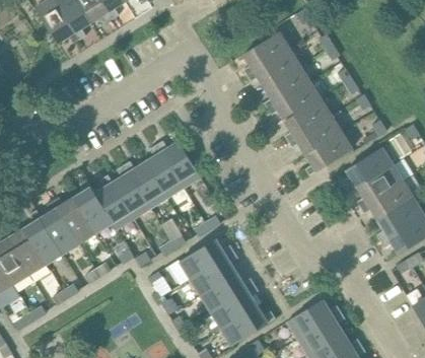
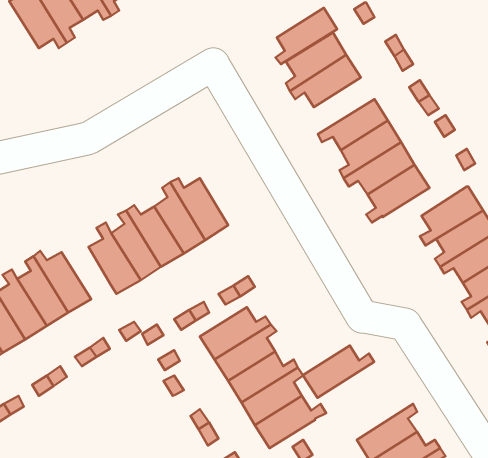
building: [264,65,310,108] -> [275,8,337,64]
building: [74,178,112,232] -> none
building: [286,299,340,339] -> [303,346,374,398]

